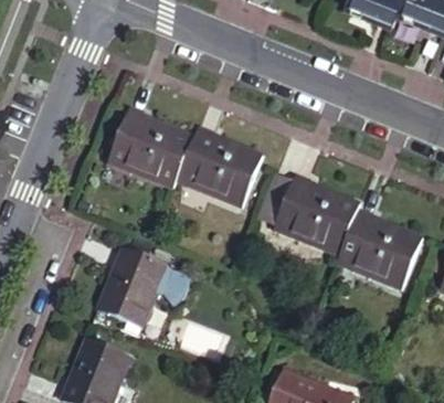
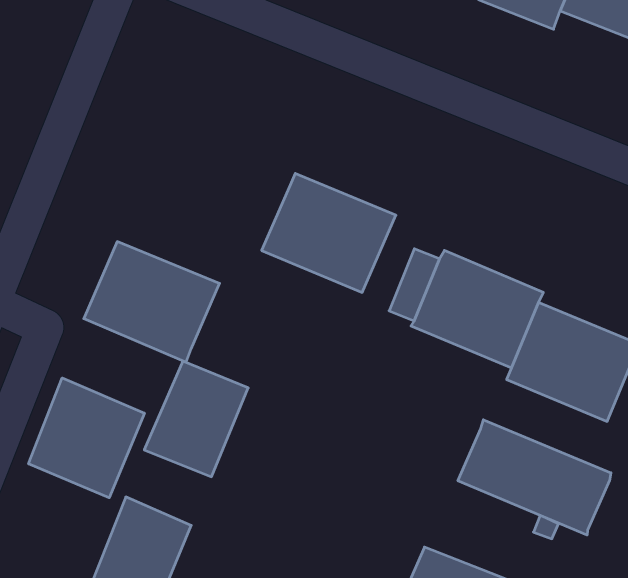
building: [109,105,199,184] -> [84,242,220,362]
building: none -> [29,378,144,498]
building: none -> [458,420,611,535]

